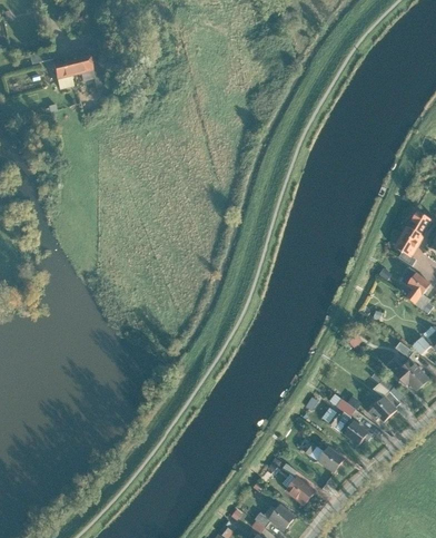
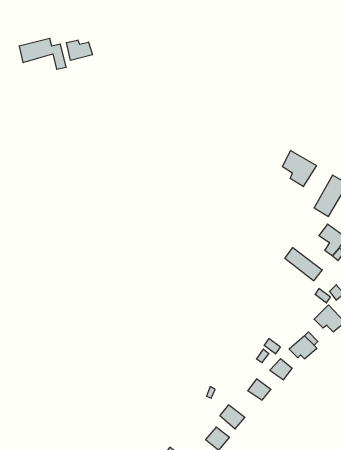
building: none -> [66,40,93,60]
building: none -> [282,150,316,187]
building: none -> [285,248,322,281]

